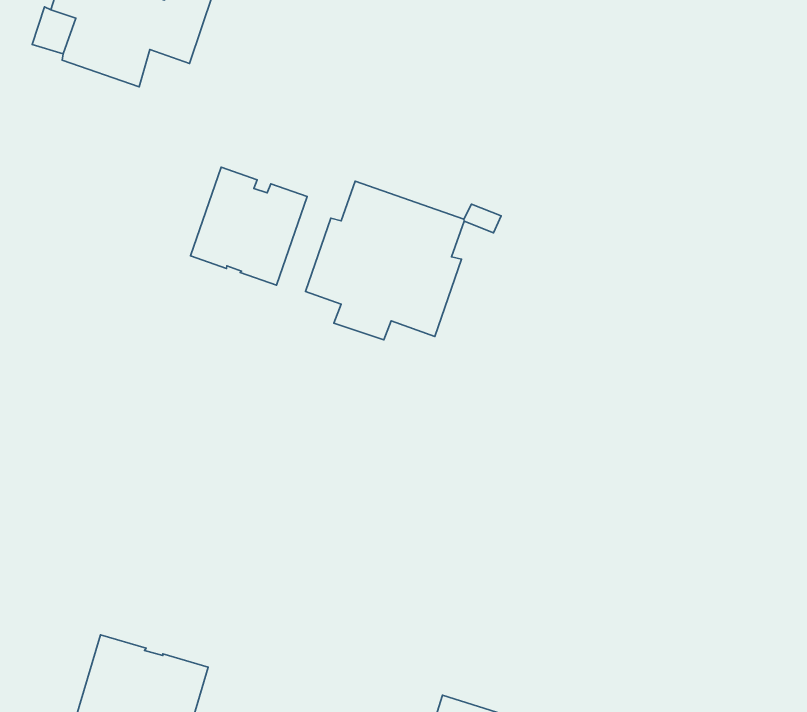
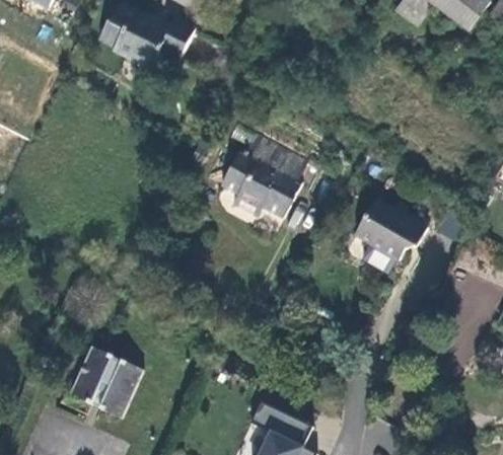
building: [190,167,307,285] -> none
building: none -> [348,199,427,269]

